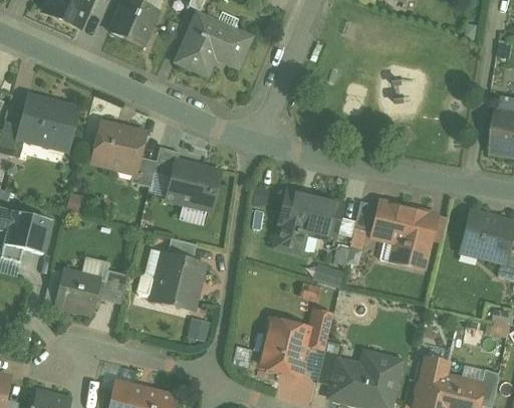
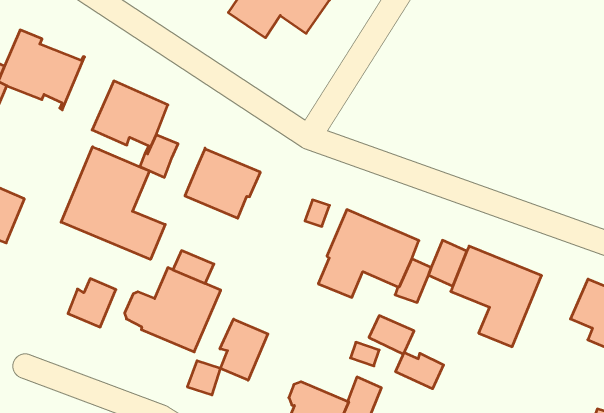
building: [153,147,179,177] -> none
building: none -> [61,147,165,259]
building: [54,269,99,314] -> none
building: none -> [220,319,268,380]
building: none -> [396,352,444,389]

